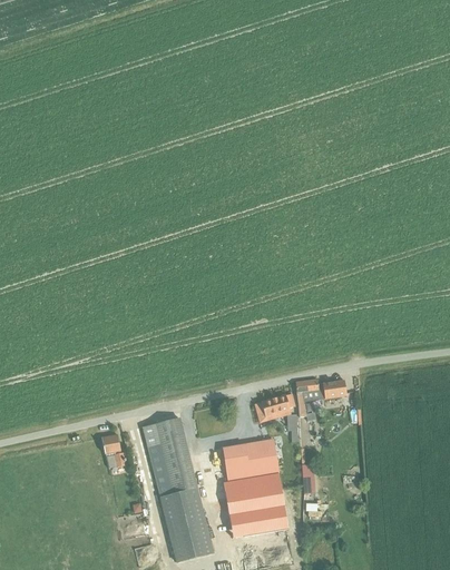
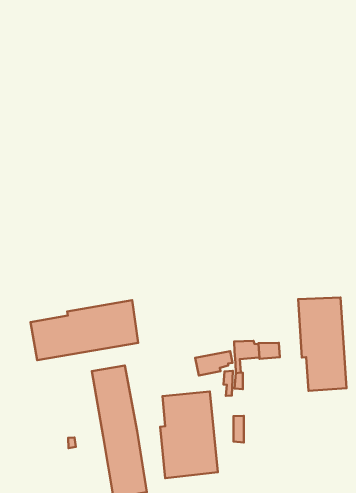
building: none -> [298,297,346,391]
building: none -> [30,300,138,360]
building: [101,434,126,468] -> none

